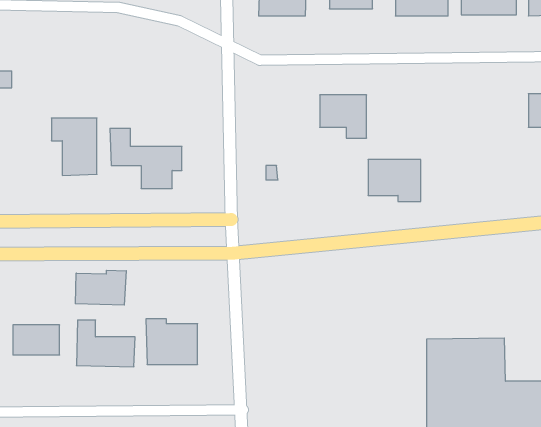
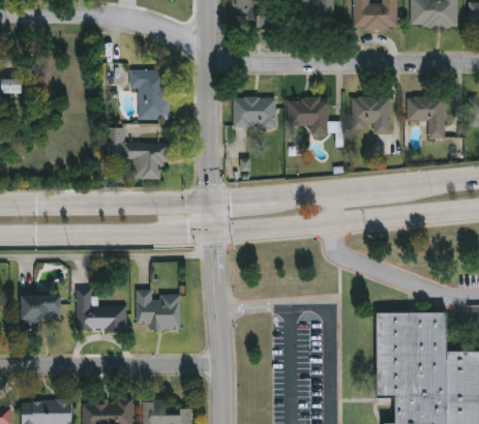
building: none -> [407,96,445,139]
building: none -> [233,97,276,127]
building: [51,118,97,175] -> [129,69,169,119]
building: [368,160,421,201] -> [345,97,390,133]
building: [75,270,126,305] -> none

